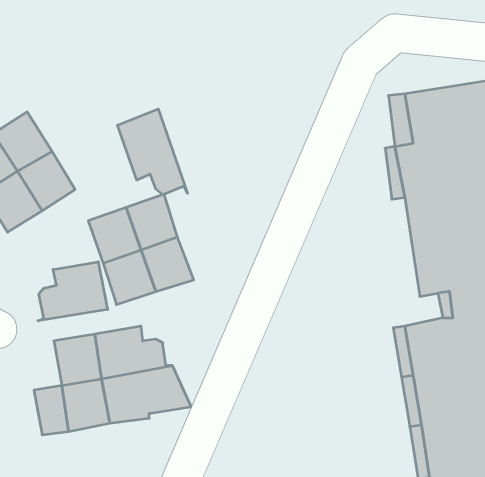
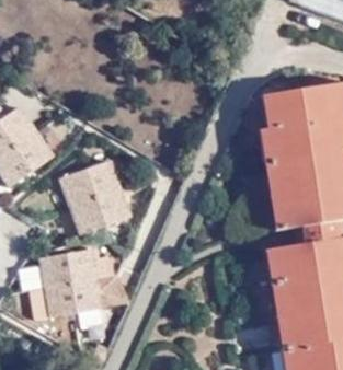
building: [117,109,188,195] -> none
building: [38,262,108,321] -> none

